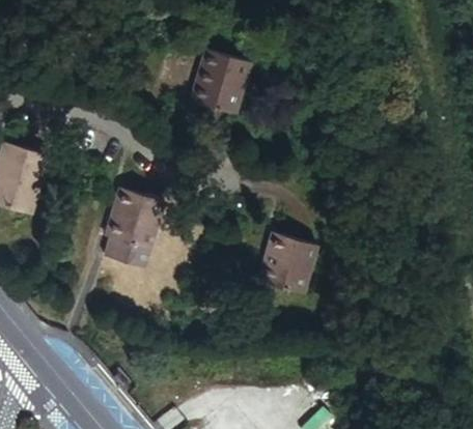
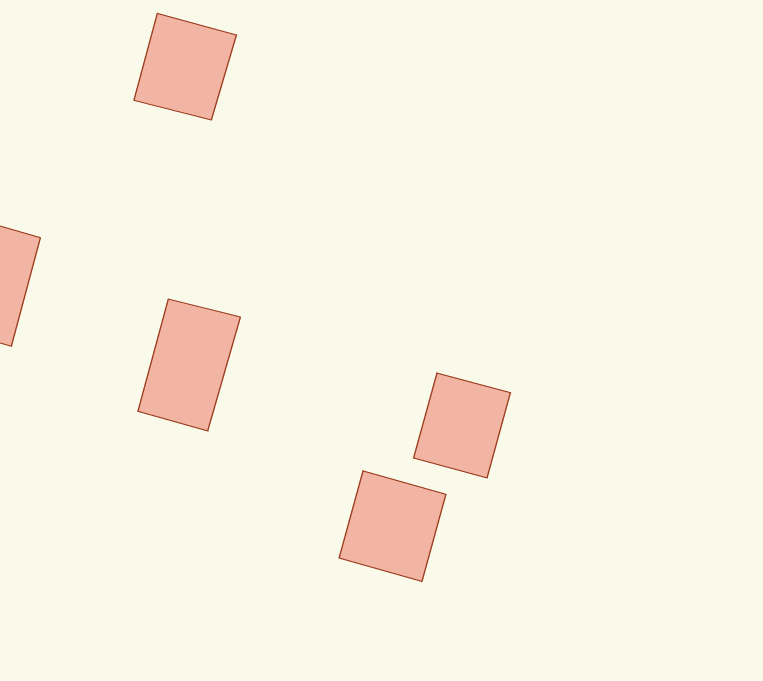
building: [189,49,248,110] -> [134,13,237,120]
building: none -> [339,471,446,582]

